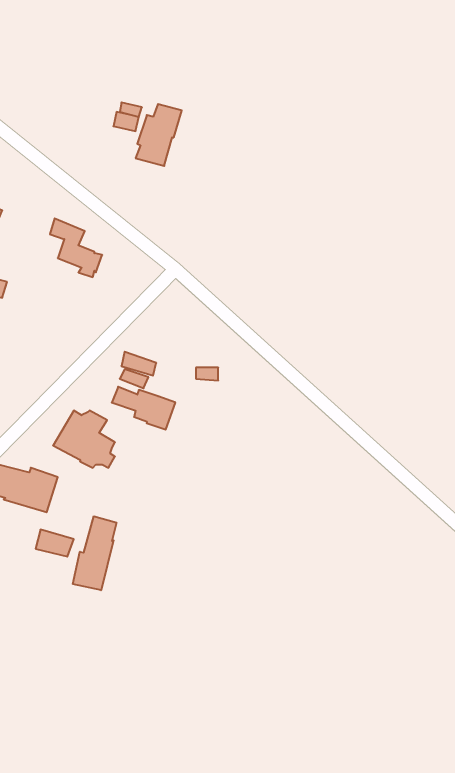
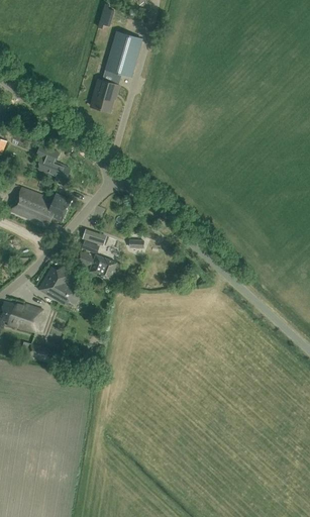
building: none -> [106,31,142,77]
building: none -> [12,187,71,226]
building: [73,516,116,590] -> none

